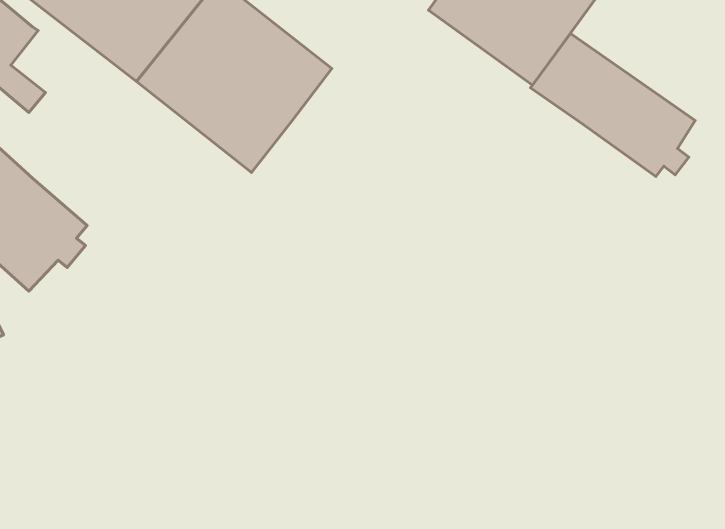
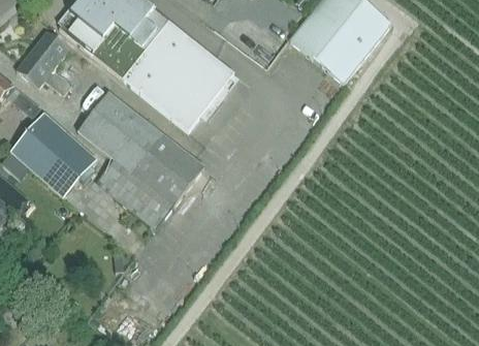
building: [530,33,695,177] -> none
building: none -> [76,90,203,229]

